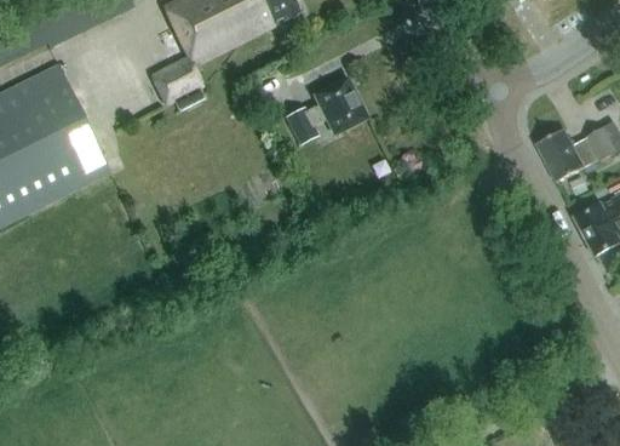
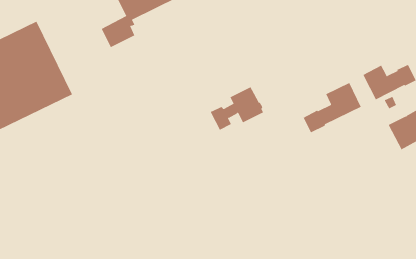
building: [286,78,366,143] -> [210,86,264,131]
building: none -> [303,82,361,133]

